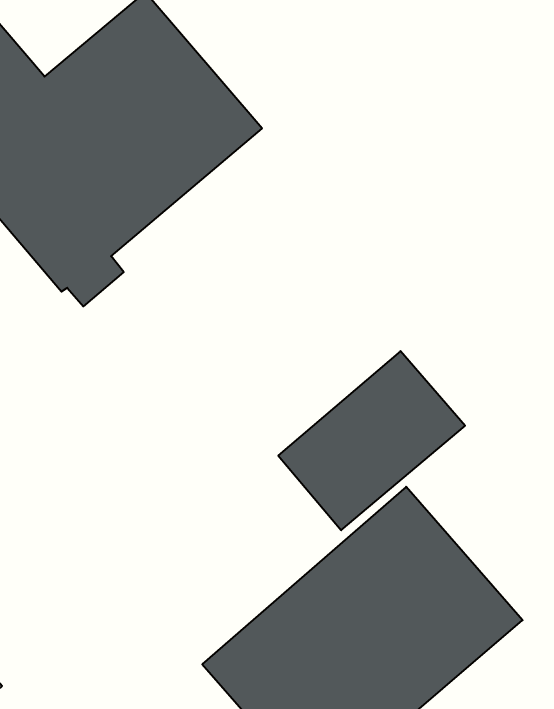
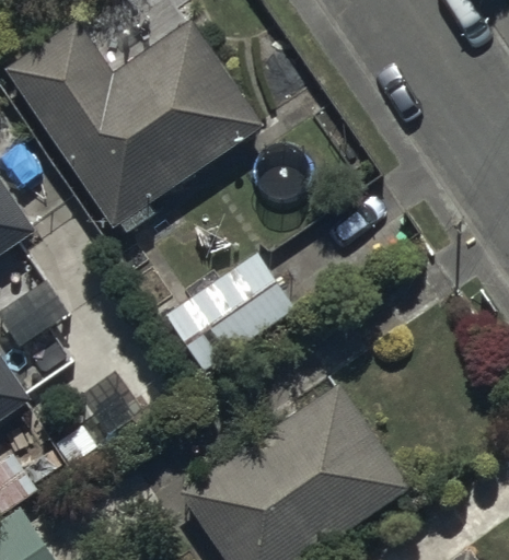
building: [278,351,465,530] -> [162,255,294,375]

